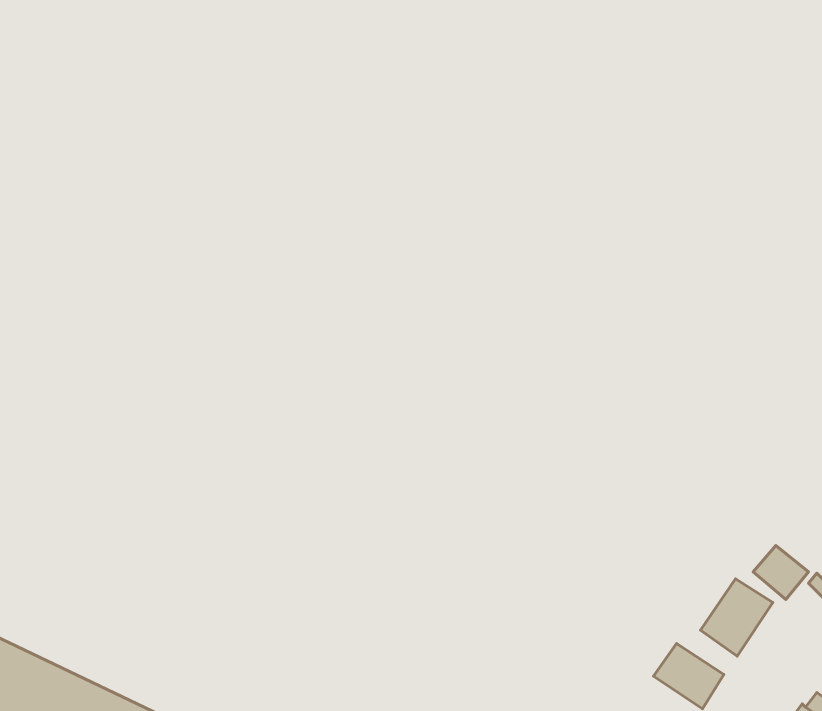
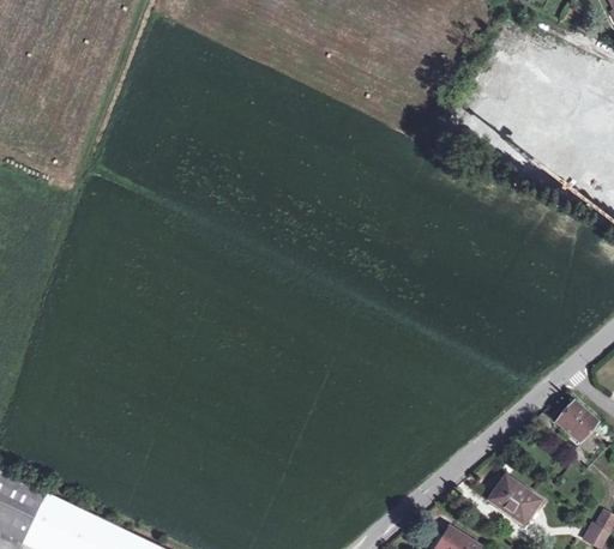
building: [701,579,773,656] -> none

